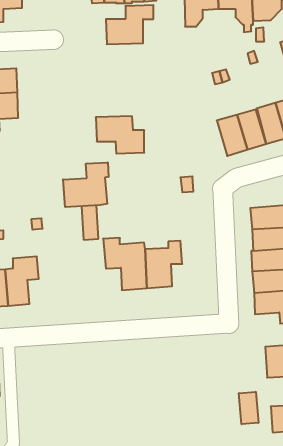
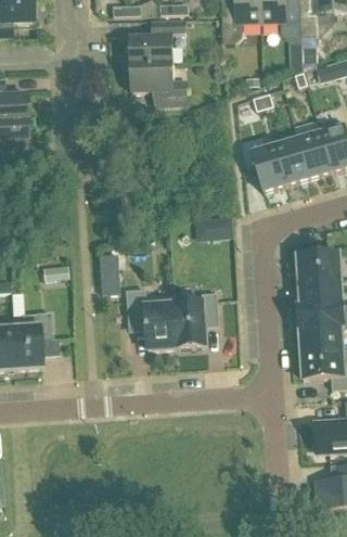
building: [96,116,144,154] -> [129,62,185,105]
building: [63,162,109,207] -> none
building: [239,392,258,424] -> none

